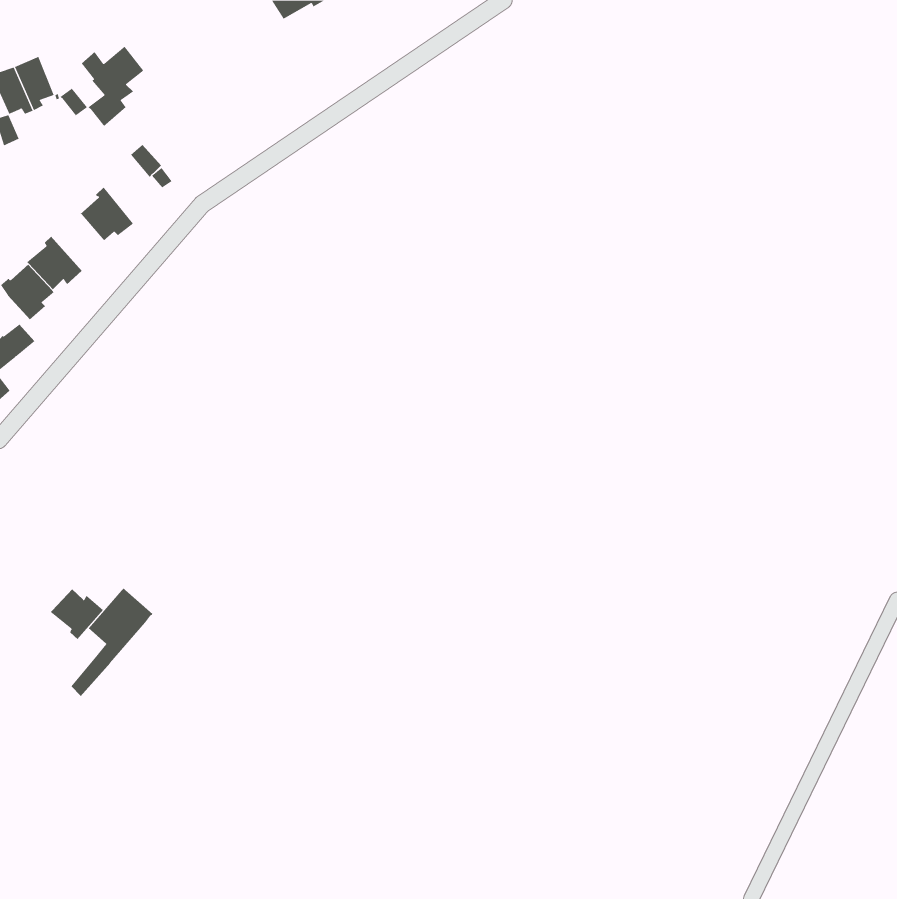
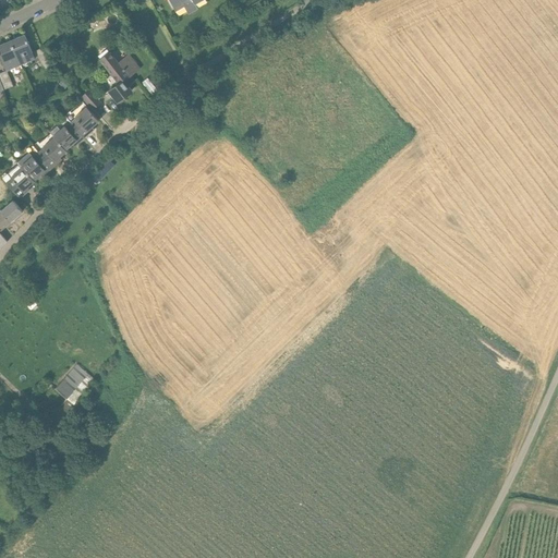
building: [81,46,144,127] -> [102,52,142,102]
building: none -> [64,104,98,138]
building: none -> [32,133,65,168]
building: [50,588,104,640] -> none

